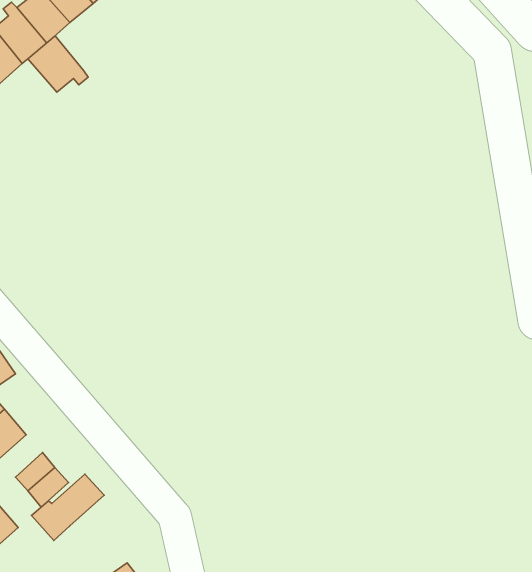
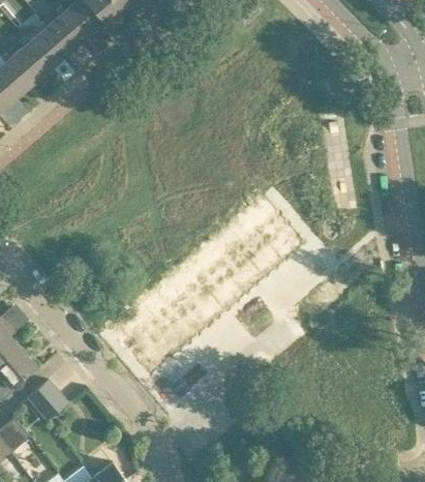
building: [28,36,88,92] -> none
building: [31,474,104,540] -> none

